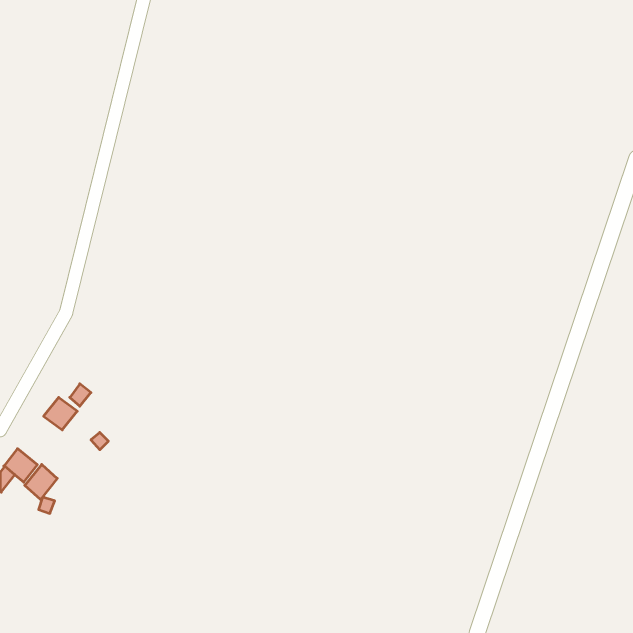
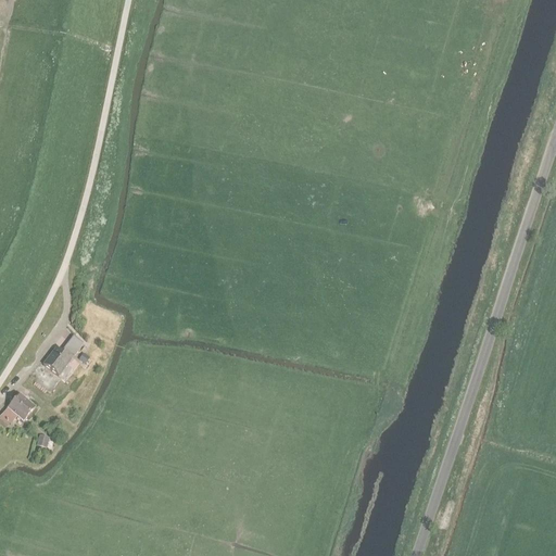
building: [25,464,57,499] -> none

